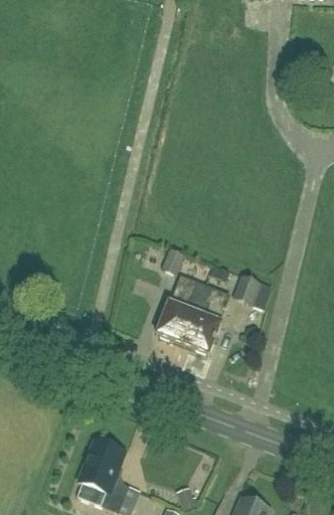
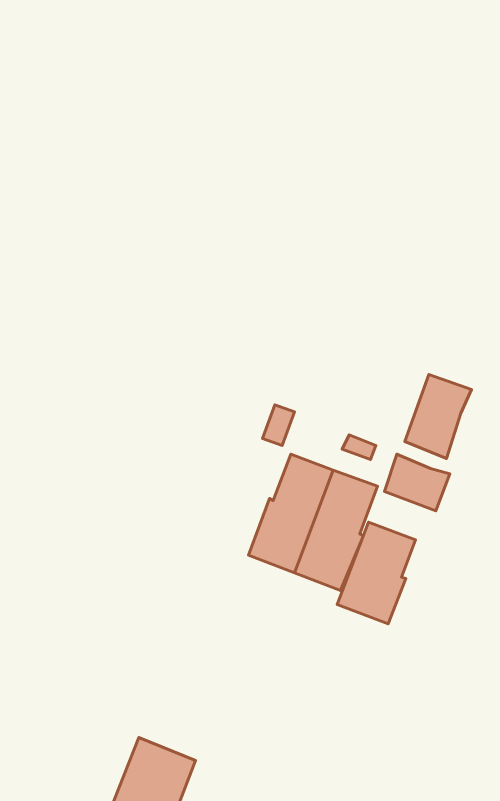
building: none -> [405,374,472,458]
building: none -> [337,522,415,624]

